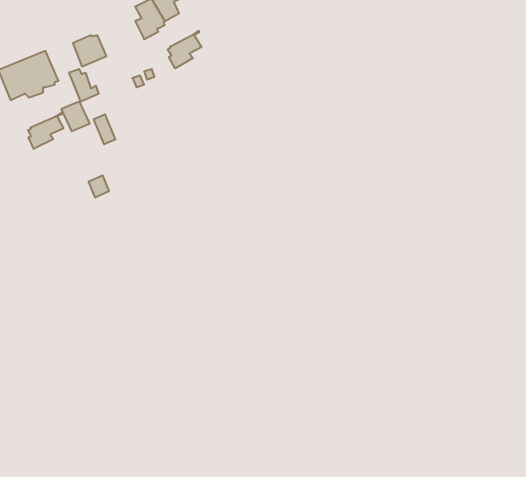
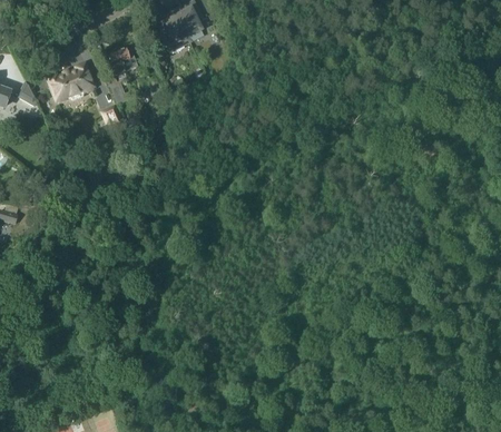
building: [168,31,201,68] -> none
building: [28,112,63,149] -> none

